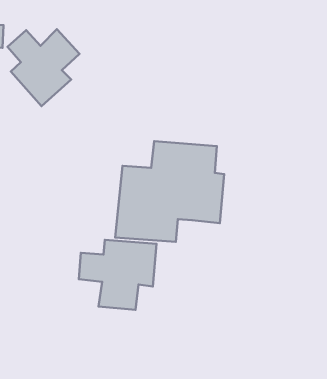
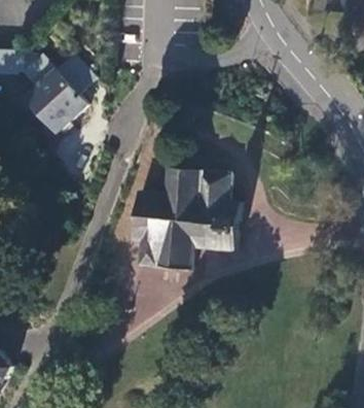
building: [79,240,157,310] -> none

